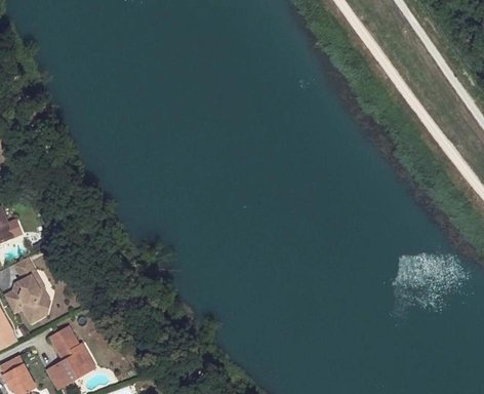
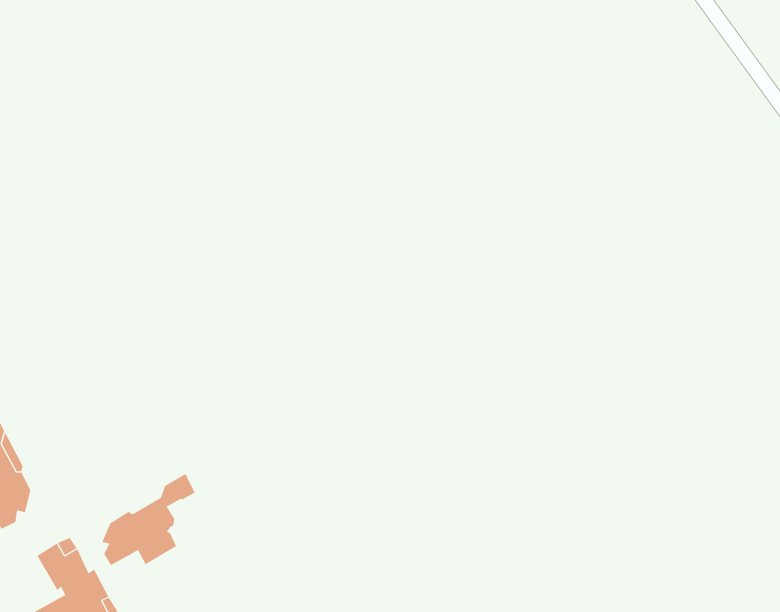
building: none -> [102,473,196,566]

